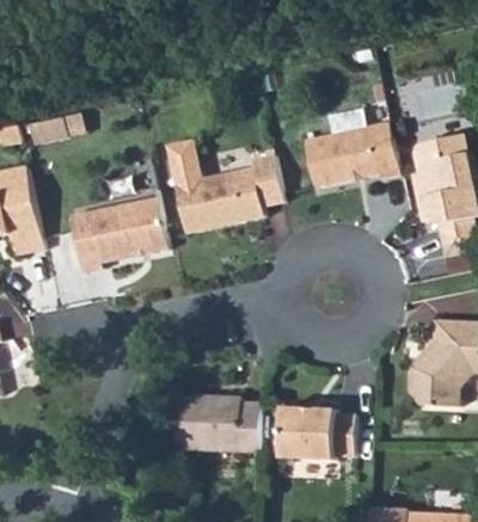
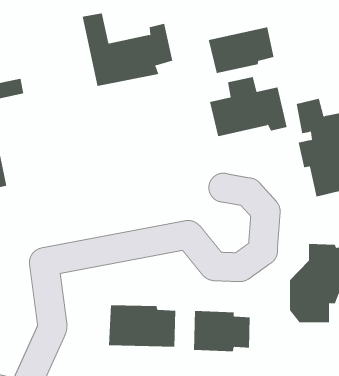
building: none -> [208,26,274,74]
building: [168,141,284,234] -> [82,13,173,86]
building: [69,199,170,272] -> none

